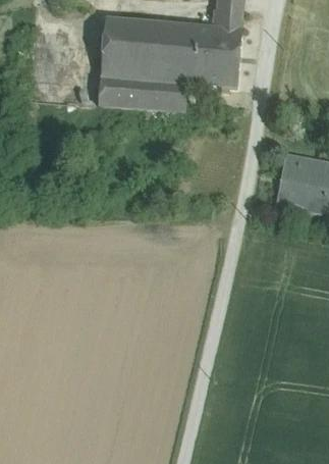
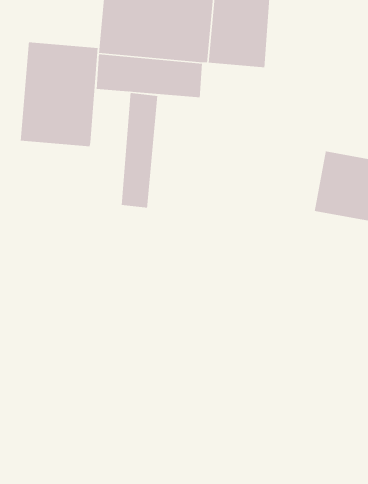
building: none -> [20,41,99,147]
building: none -> [121,92,158,208]

